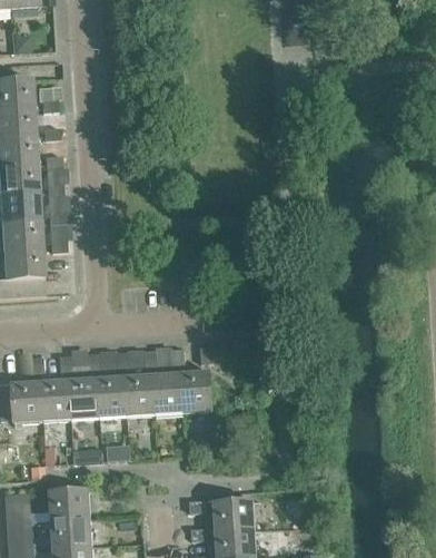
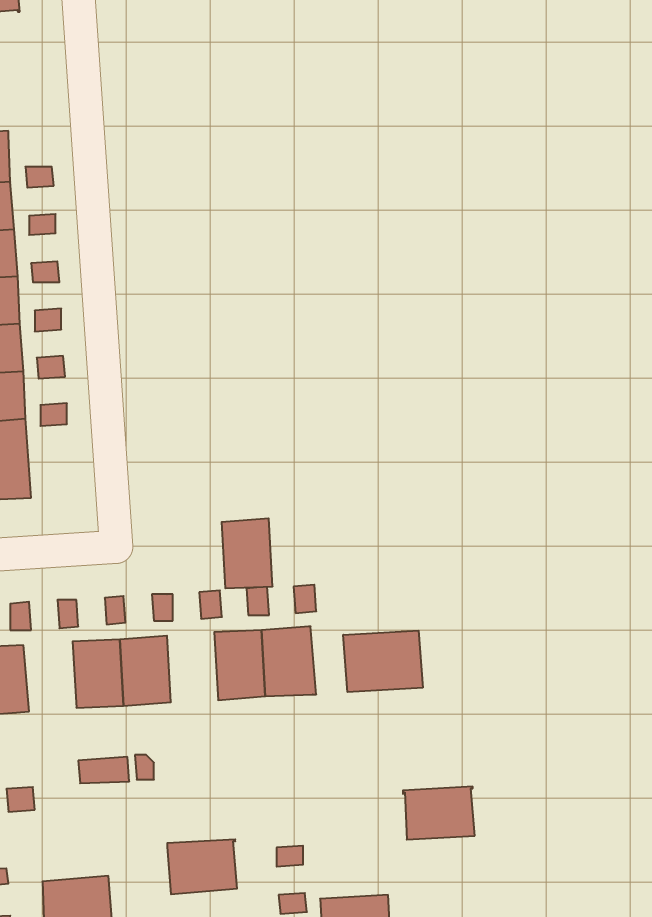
building: none -> [343,631,423,692]
building: [126,373,156,414] -> [222,518,273,588]
building: [41,379,72,420] -> none
building: [50,488,91,520] -> [167,839,237,894]
building: [214,499,256,530] -> [403,787,475,840]

